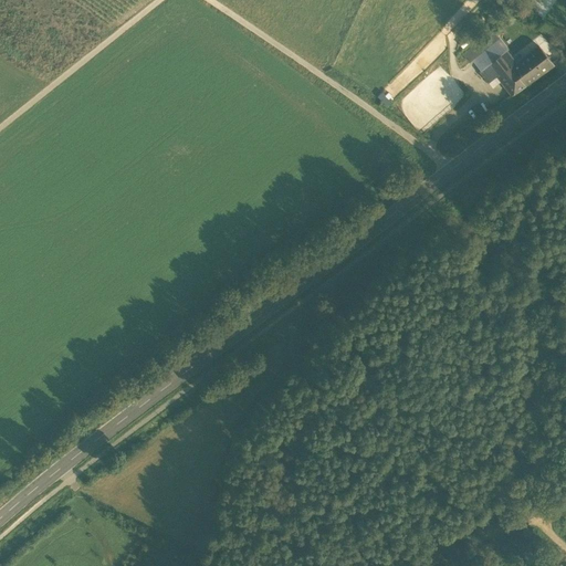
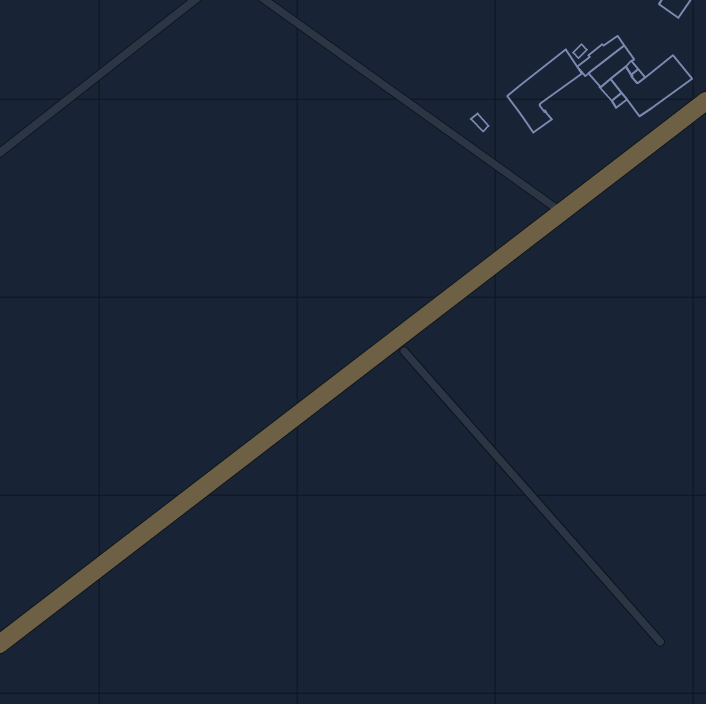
building: none -> [507,49,582,133]

